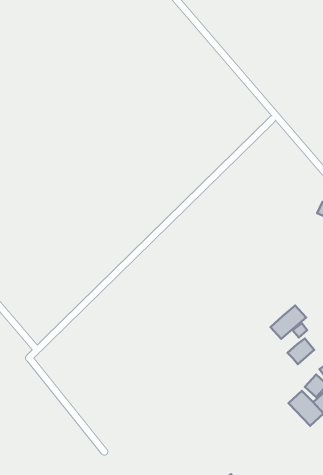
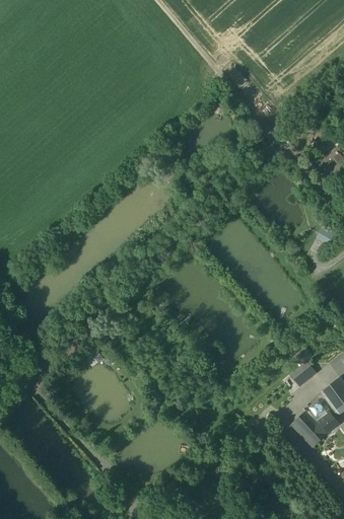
building: [270,305,306,339] -> none

